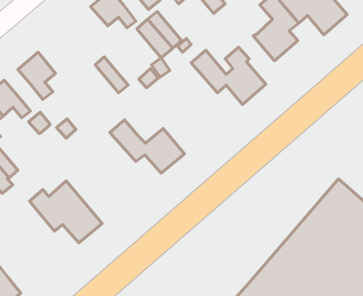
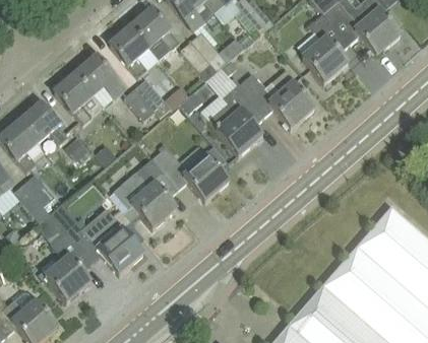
building: none -> [110,25,149,76]
building: none -> [76,56,124,97]
building: none -> [209,76,264,155]
building: none -> [123,86,161,120]
building: none -> [113,157,179,228]
building: none -> [45,223,94,300]

